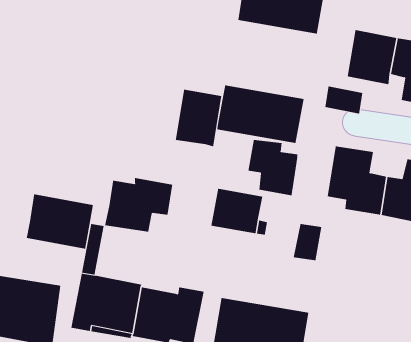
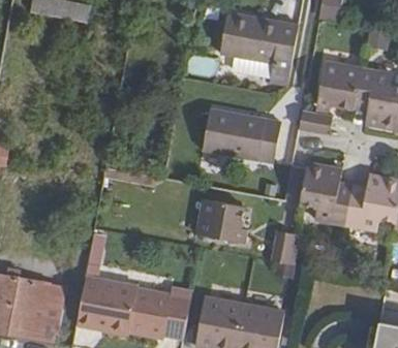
building: [175,89,222,147] -> none
building: [248,139,298,196] -> none
building: [105,177,173,232] -> none
building: [26,193,93,249] -> none

